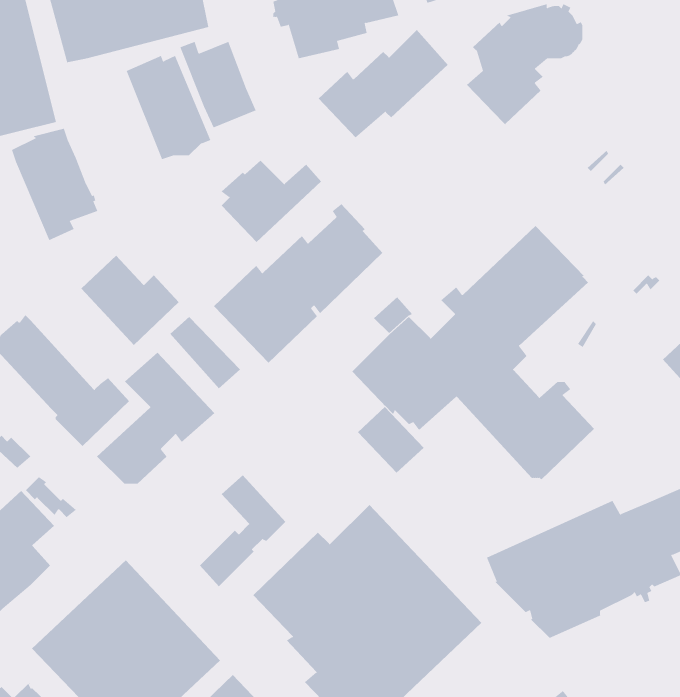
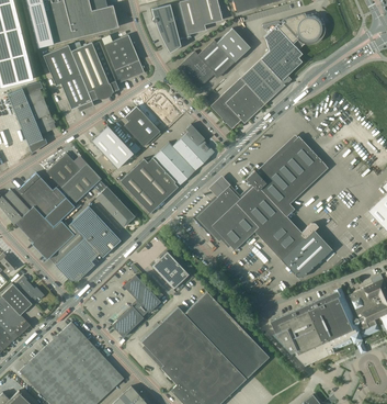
building: none -> [43,44,93,111]
building: none -> [209,58,285,128]
building: none -> [92,125,134,169]
building: none -> [19,172,72,227]
building: [357,406,424,474] -> [151,251,189,289]

